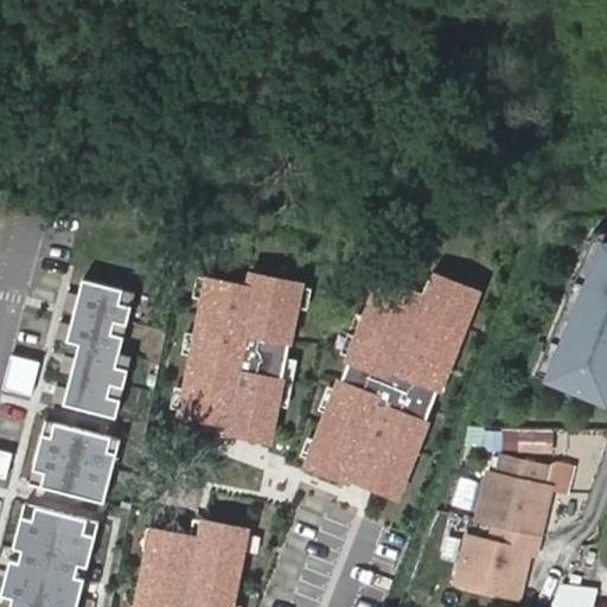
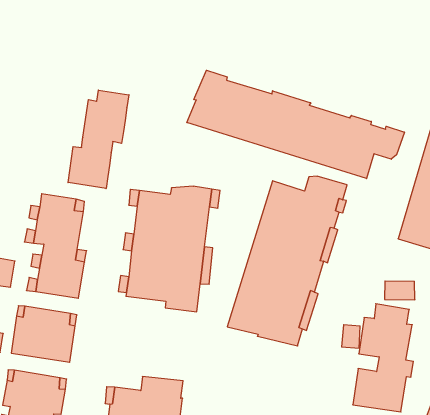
building: none -> [187,70,404,179]
building: none -> [68,90,129,189]

